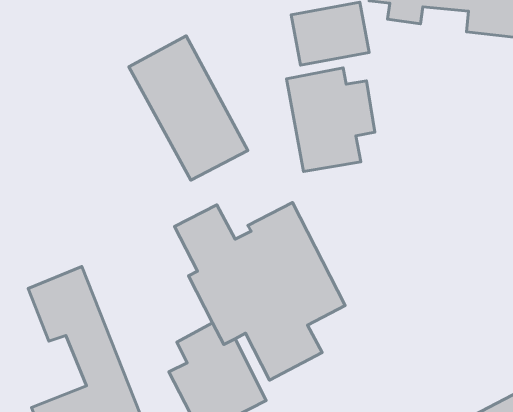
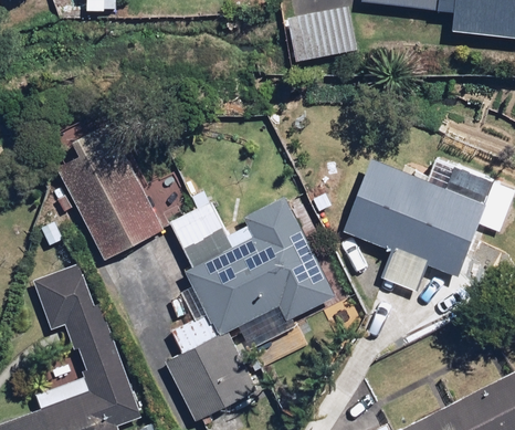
building: [129,36,248,180] -> [46,118,161,258]
building: [287,68,375,171] -> none
building: none -> [346,161,484,294]

